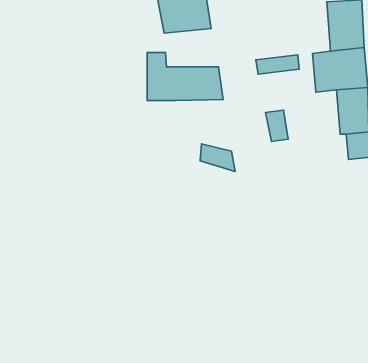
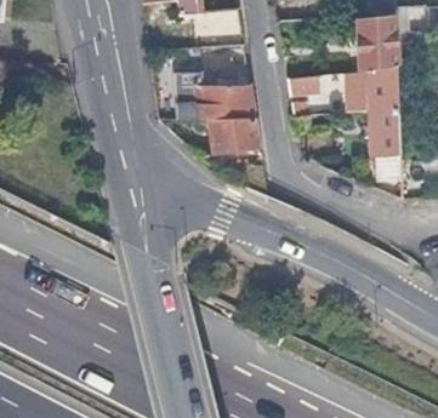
building: none -> [207,116,260,144]

